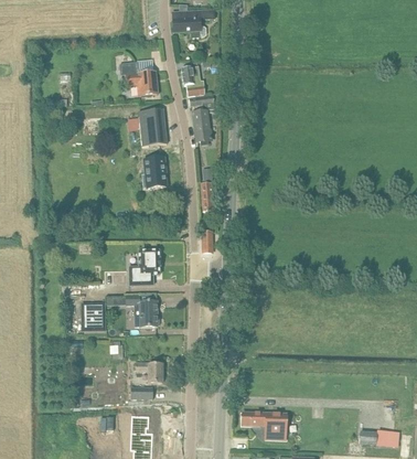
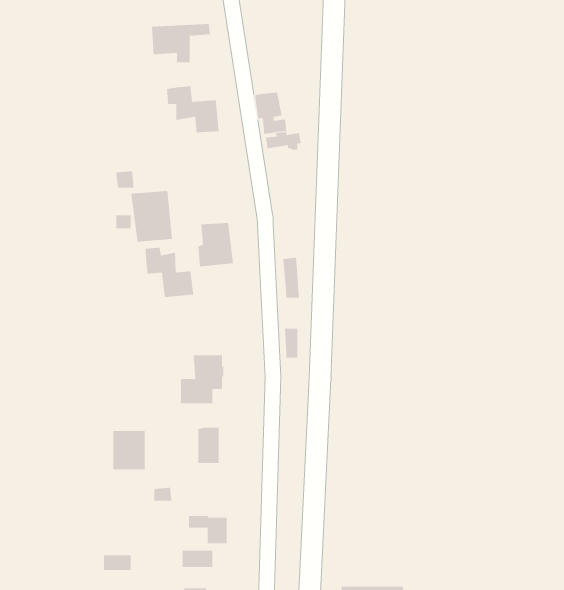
building: [172,9,214,36] -> [151,23,211,63]
building: [137,108,167,145] -> [130,190,173,242]
building: [192,109,212,142] -> none
building: none -> [145,247,194,298]

